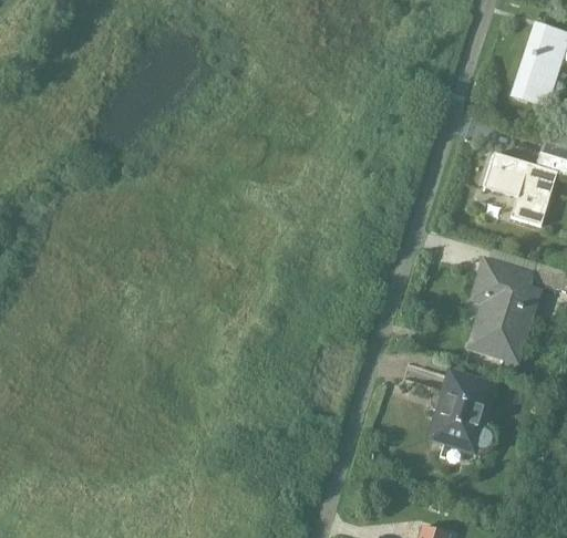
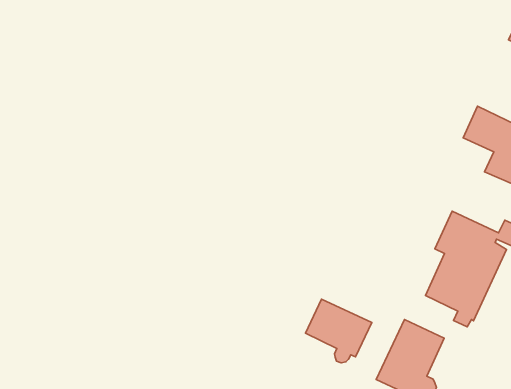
building: none -> [305,299,372,363]

